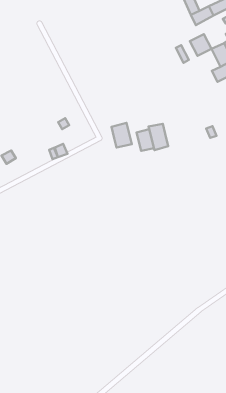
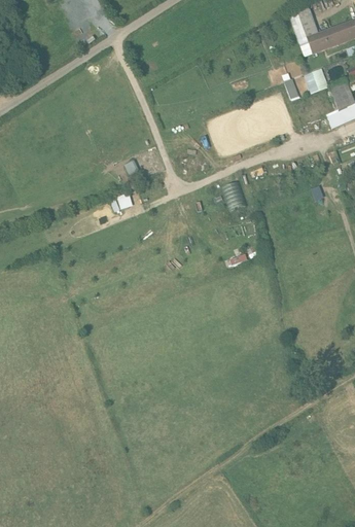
building: [112,123,132,147] -> none
building: [149,124,168,150] -> none

